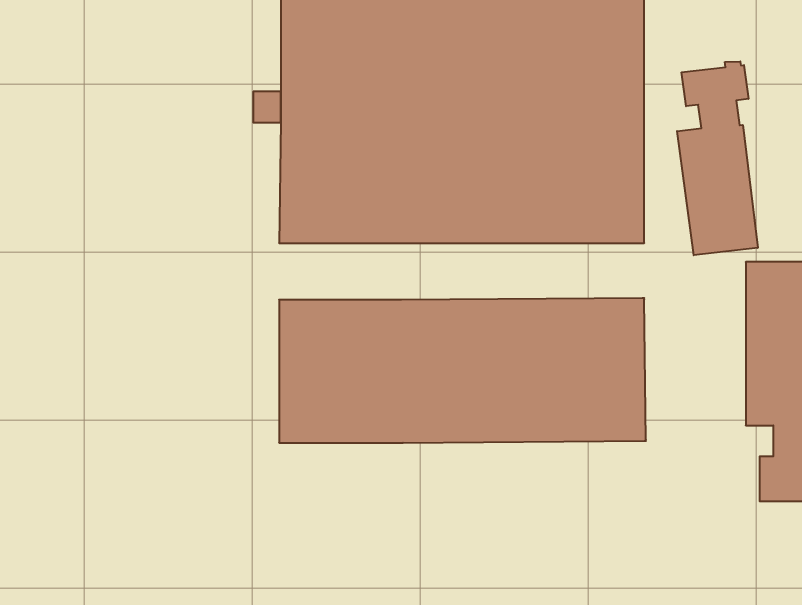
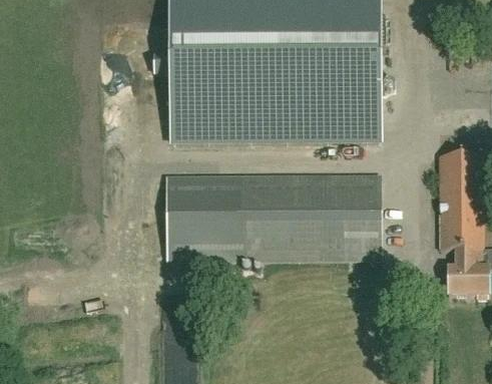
building: [677,61,758,255] -> none

